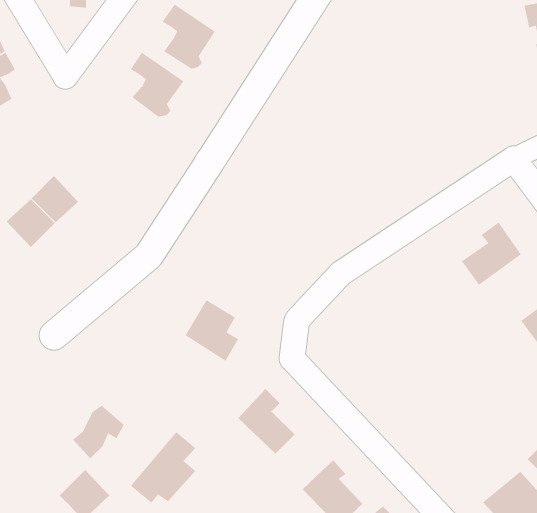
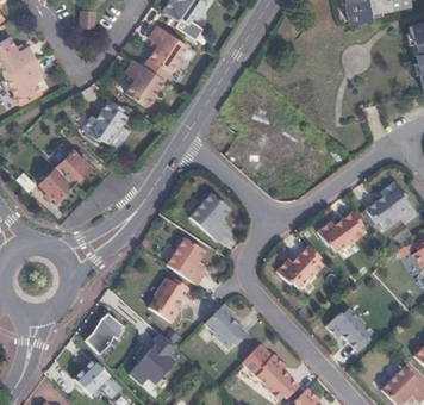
building: none -> [81,98,126,141]
building: none -> [188,192,227,239]
building: none -> [320,208,367,254]
building: none -> [278,242,325,291]
building: none -> [145,278,187,319]
building: none -> [326,307,373,355]

